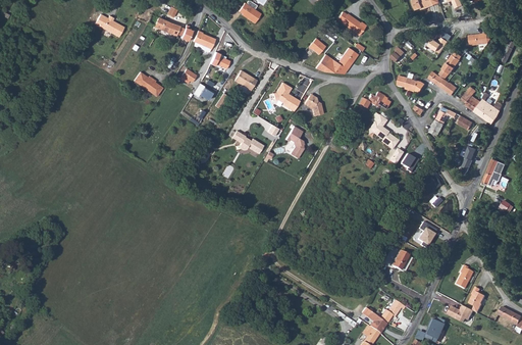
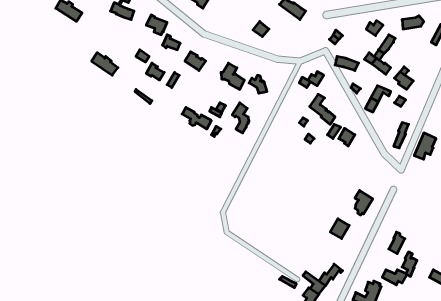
building: [315,47,358,72] -> none
building: [474,91,501,124] -> none

